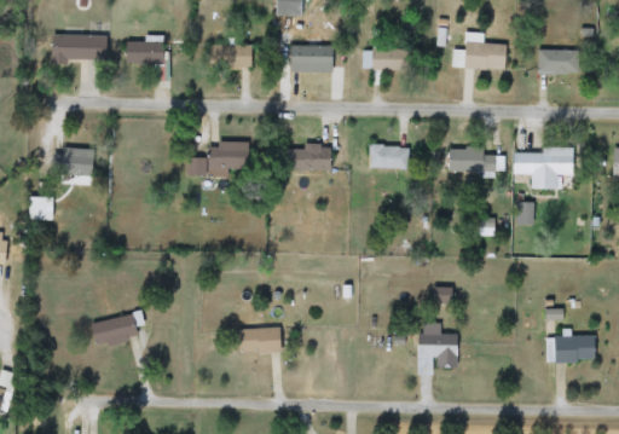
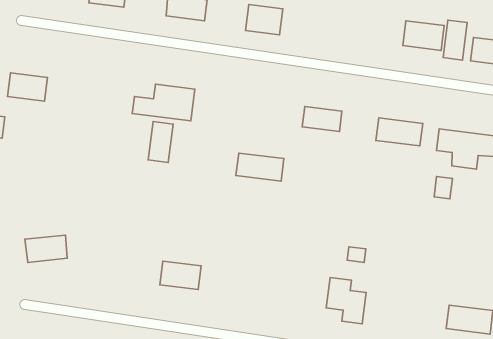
building: none -> [443,20,467,60]
building: [371,48,412,70] -> none
building: [284,145,332,169] -> [236,153,284,181]
building: none -> [148,122,173,162]

